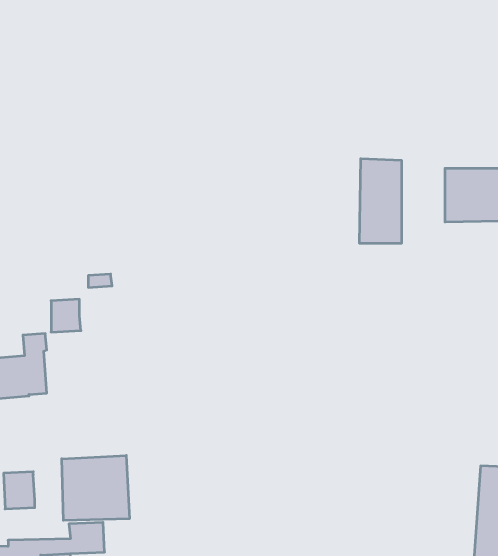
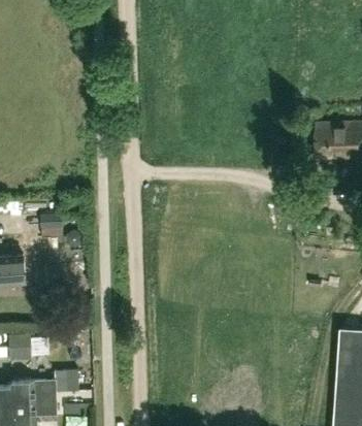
building: [360,159,401,243] -> none
building: [62,455,129,520] -> none

